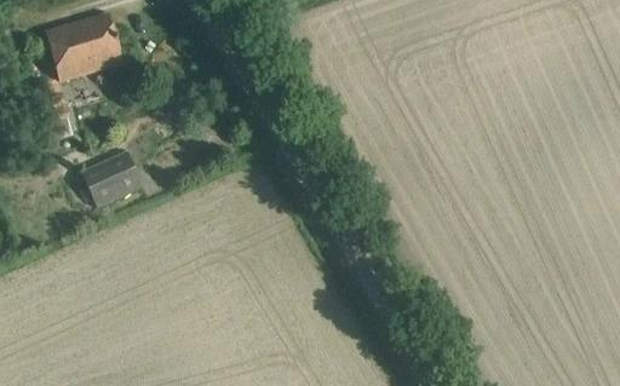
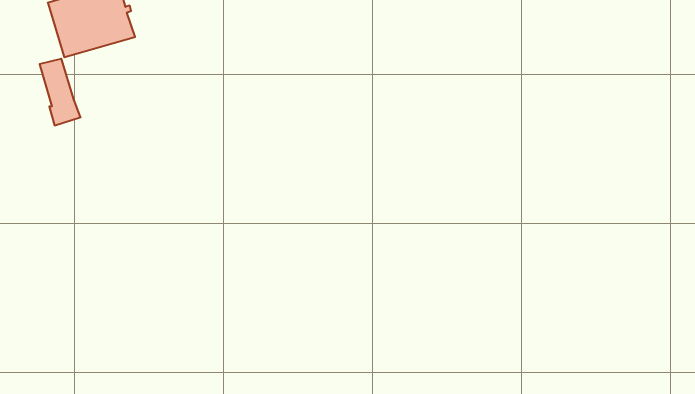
building: [82,152,143,207] -> none

